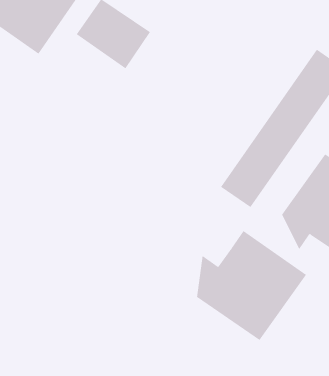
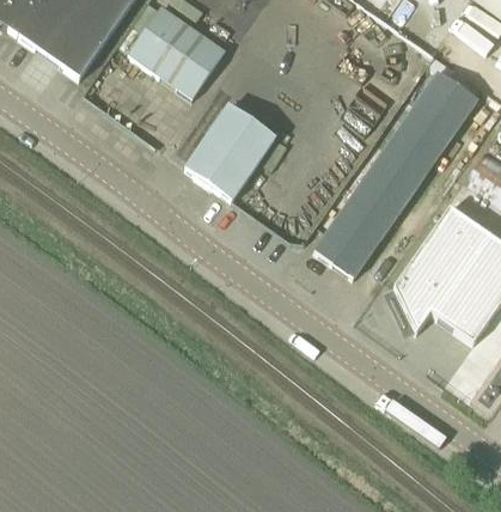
building: none -> [185,102,276,197]
building: [196,230,307,341] -> none

